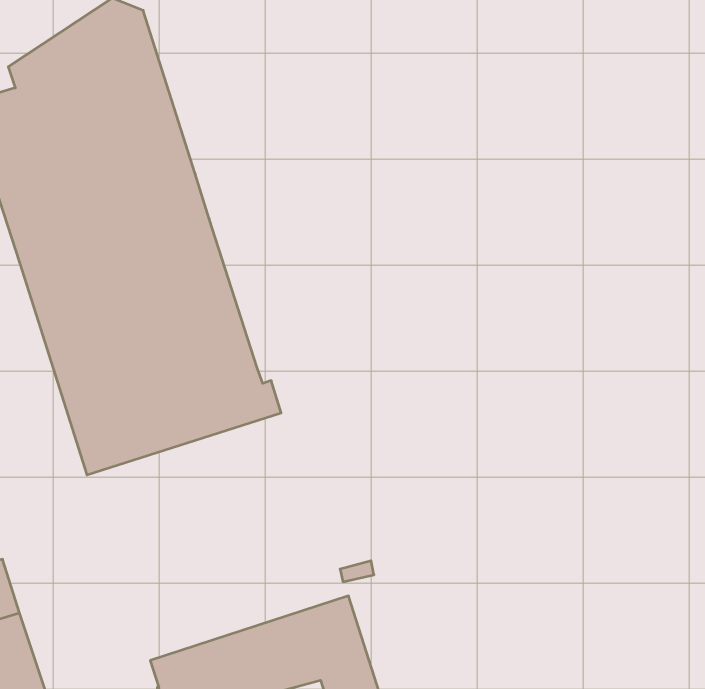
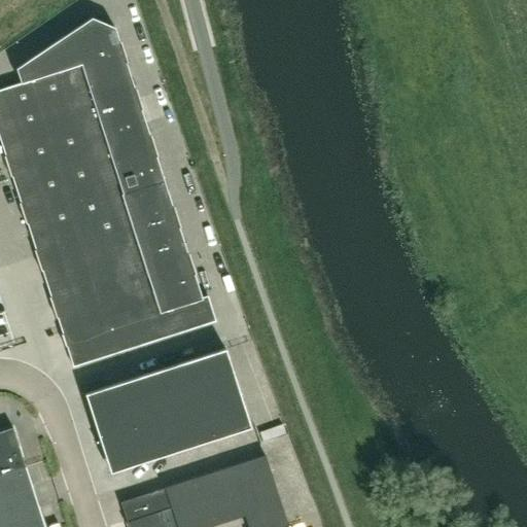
building: none -> [84,350,250,473]

